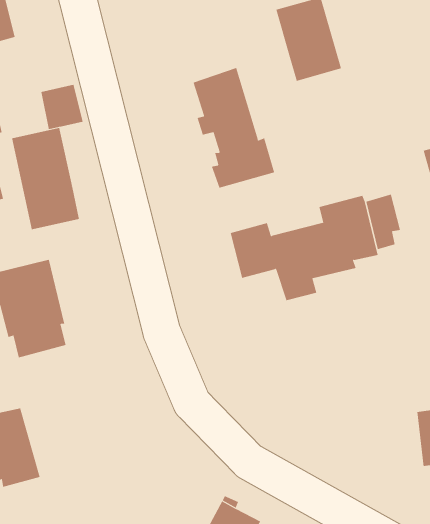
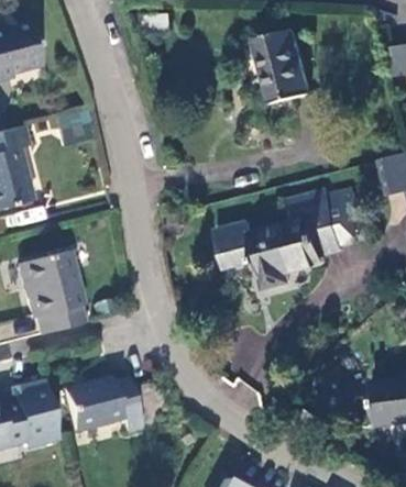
building: [193,67,275,189] -> none
building: [11,127,79,230] -> none
building: none -> [65,377,141,433]

